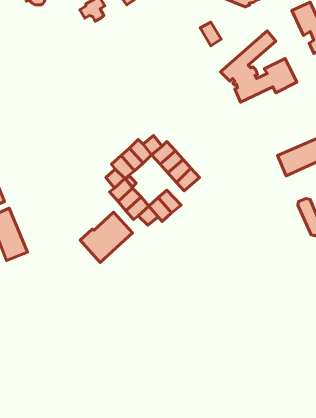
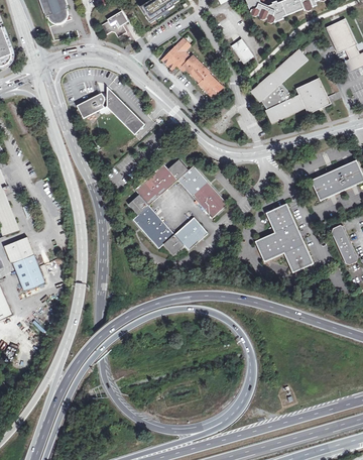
building: none -> [161,37,222,97]
building: none -> [76,86,144,134]
building: none -> [254,203,314,272]
building: [80,212,133,262] -> none

